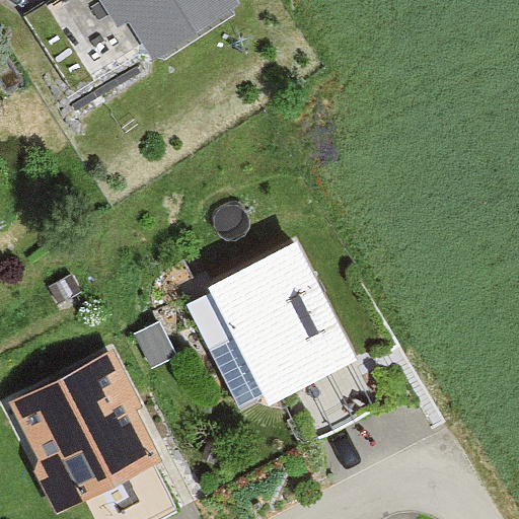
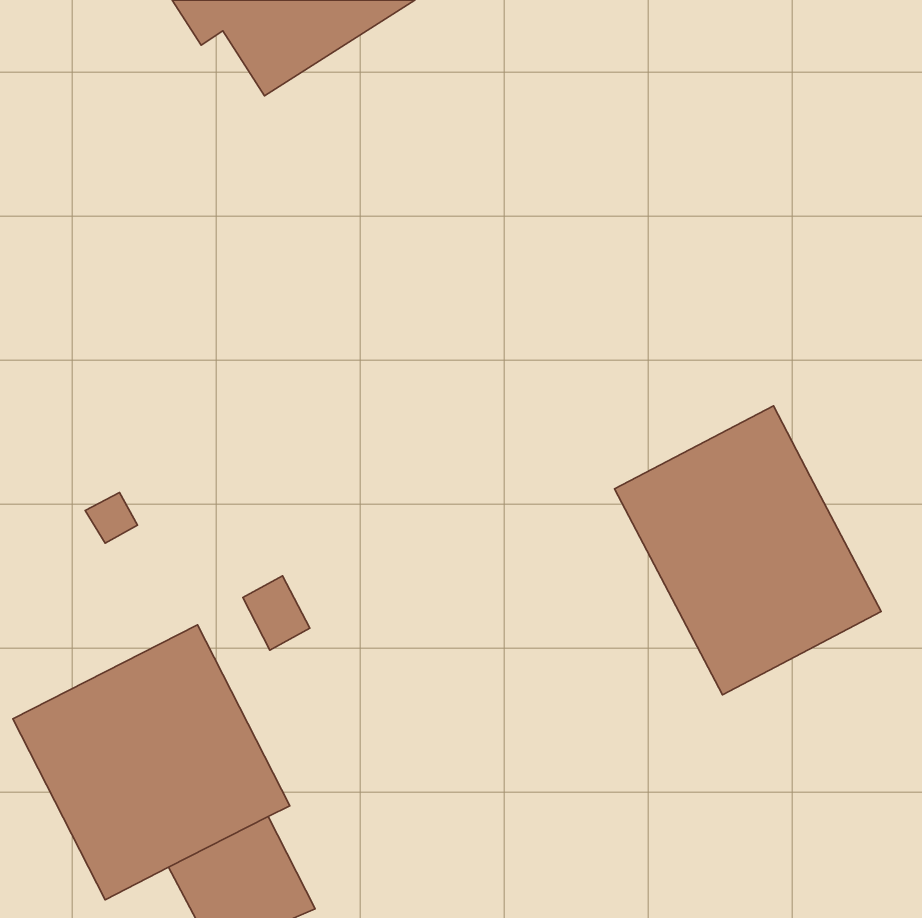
building: none -> [615,406,881,695]
building: [209,240,354,398] -> none

